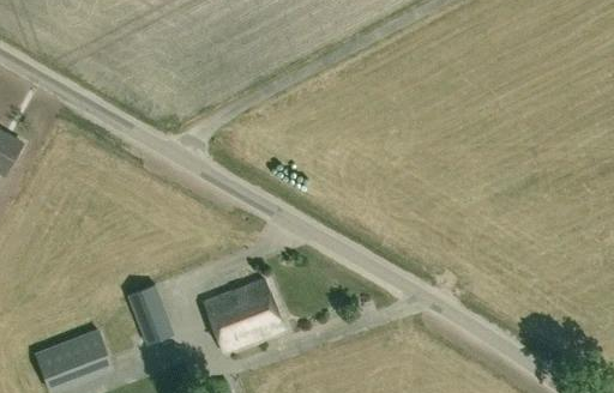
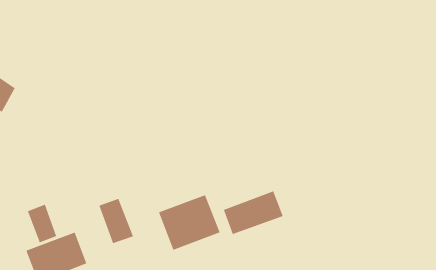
building: none -> [223,191,283,235]
building: none -> [27,204,57,243]

